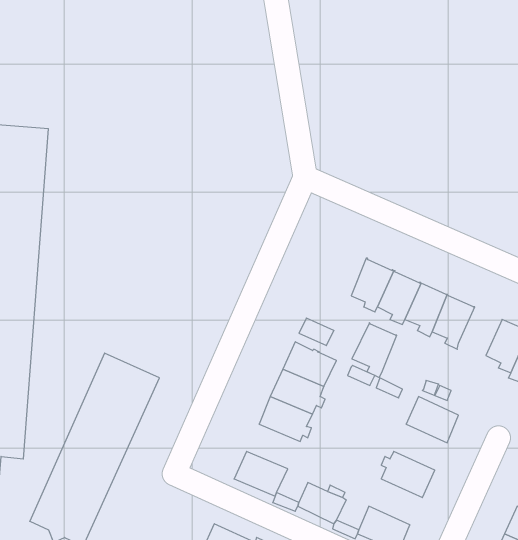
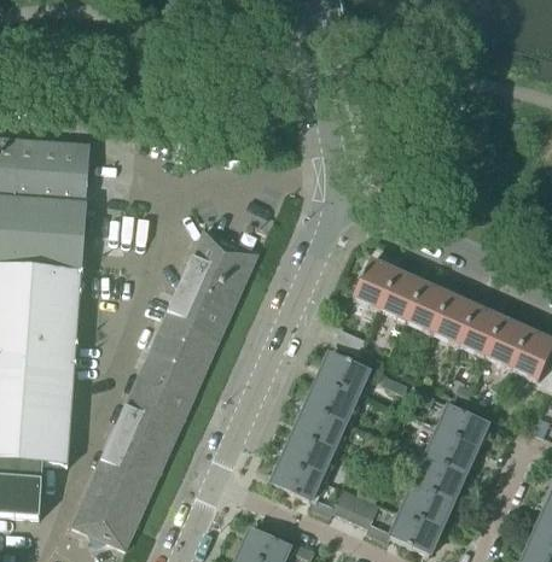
building: none -> [145,230,257,386]
building: none -> [488,317,530,369]
building: [352,323,397,378] -> [355,258,399,311]
building: none -> [283,431,335,474]
building: none -> [425,431,477,475]
building: none -> [400,484,453,528]

